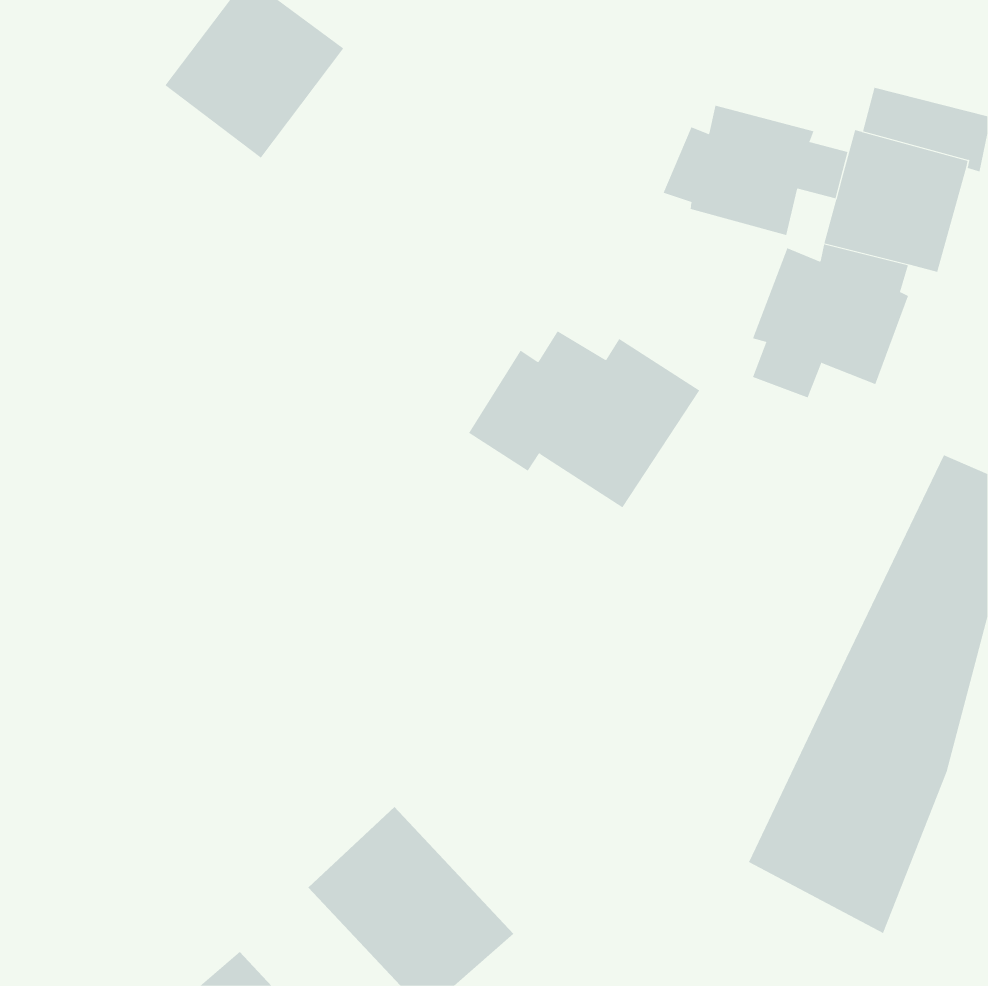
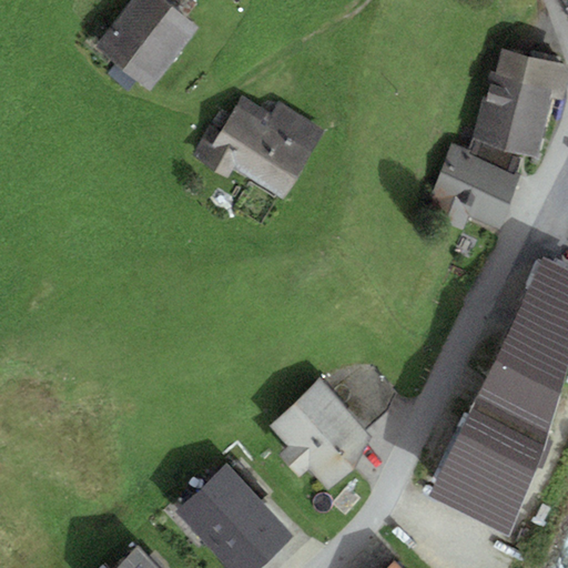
building: [663,105,848,236] -> none
building: [468,330,700,508] -> [193,95,326,197]
building: none -> [270,376,374,489]

